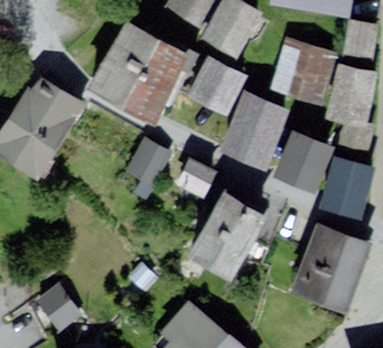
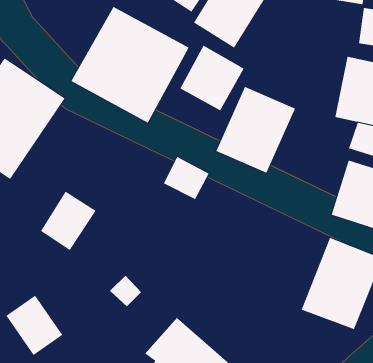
building: [271,39,340,106] -> none
building: [271,130,333,194] -> none
building: [119,134,169,187] -> [40,191,96,251]
building: [182,190,265,282] -> none

